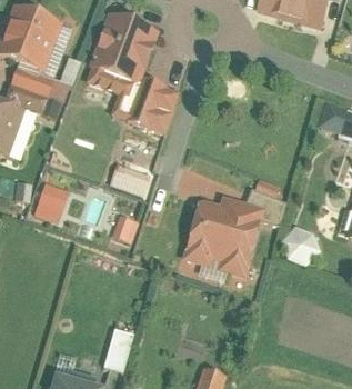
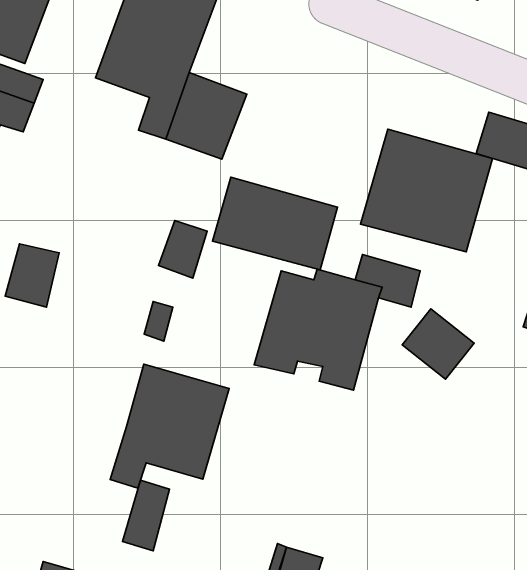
building: none -> [360,129,492,252]
building: none -> [212,177,338,270]
building: none -> [110,364,229,488]

